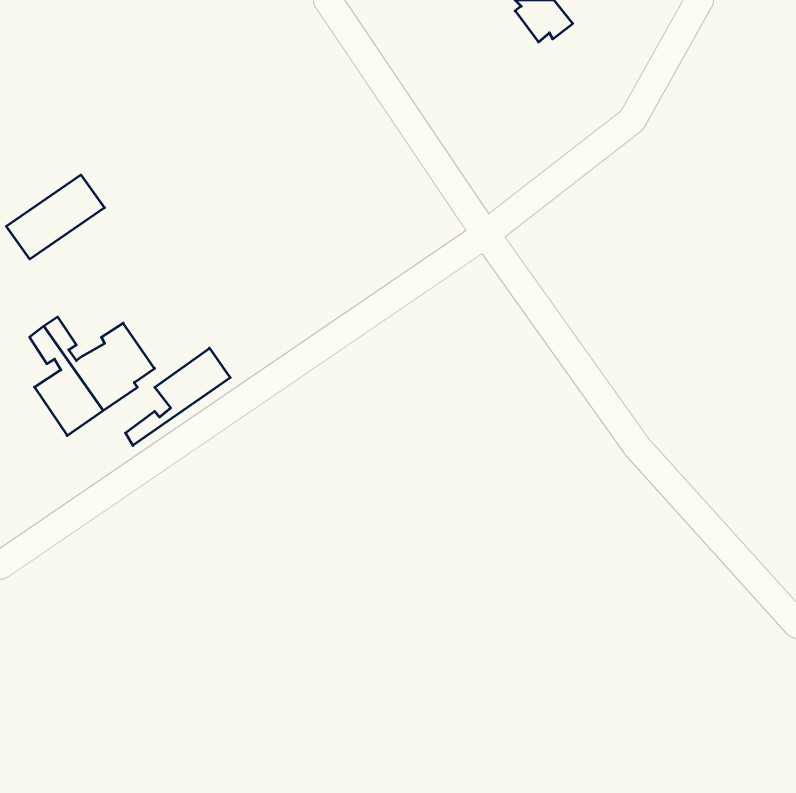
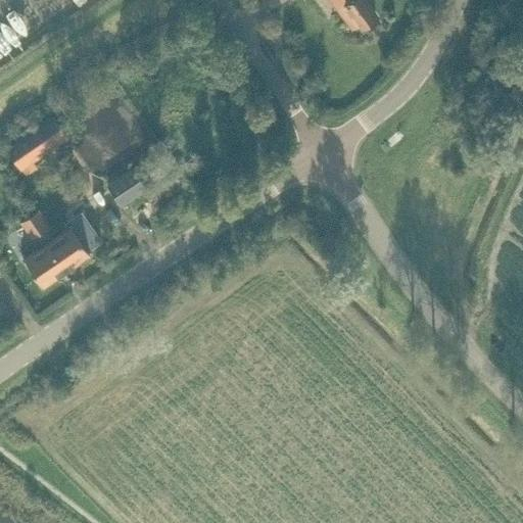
building: none -> [109,168,149,205]
building: [125,348,230,446] -> none

